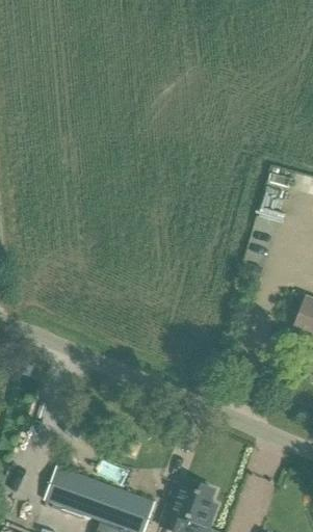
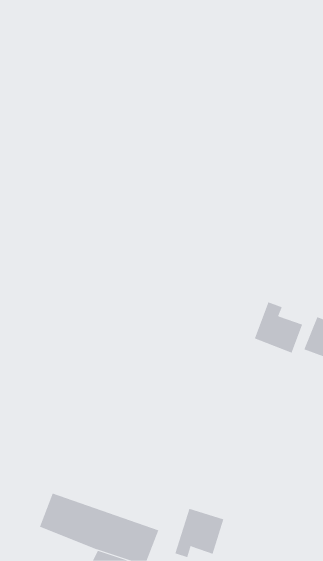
building: none -> [254,302,303,353]

